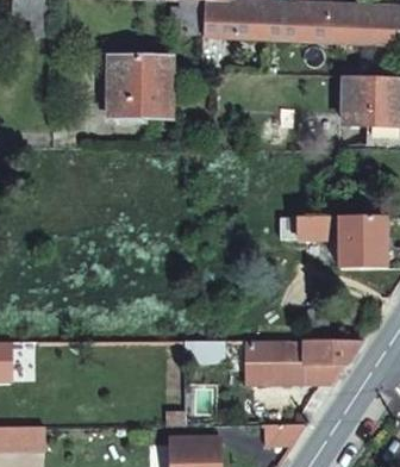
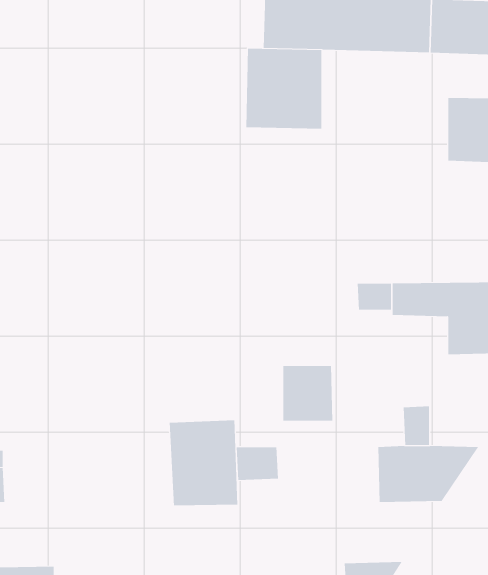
building: [112,58,169,119] -> [246,48,322,129]
building: none -> [169,420,238,506]
building: [252,337,290,379] -> [282,366,333,421]

